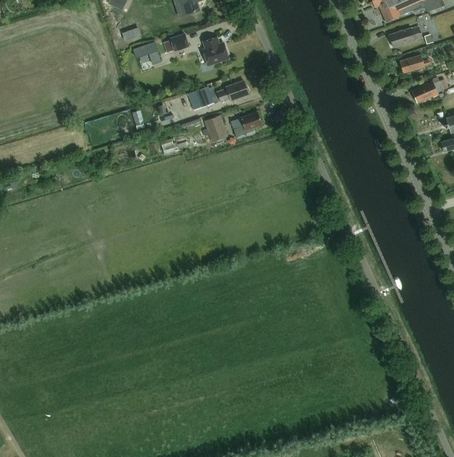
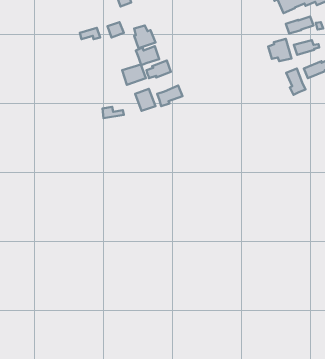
building: none -> [268,39,291,61]
building: none -> [136,46,159,65]
building: none -> [286,69,305,95]

